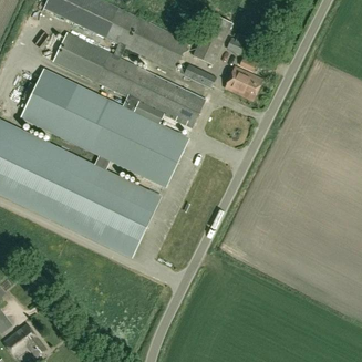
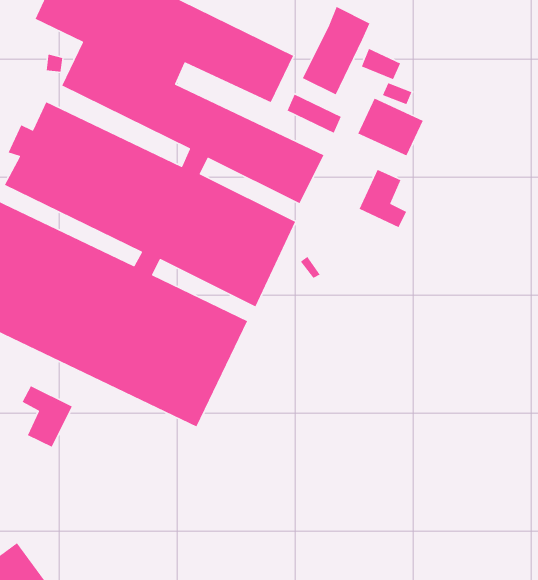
building: none -> [358,169,407,228]
building: none -> [21,385,73,448]

